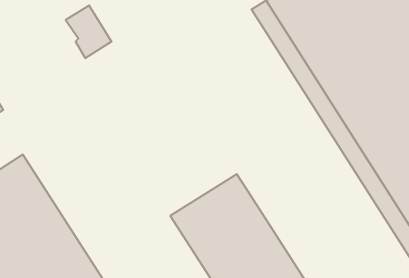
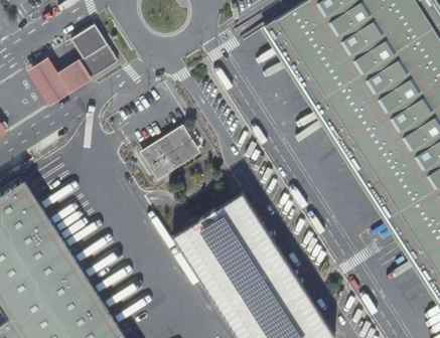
building: none -> [25,57,91,106]
building: none -> [138,126,197,179]

